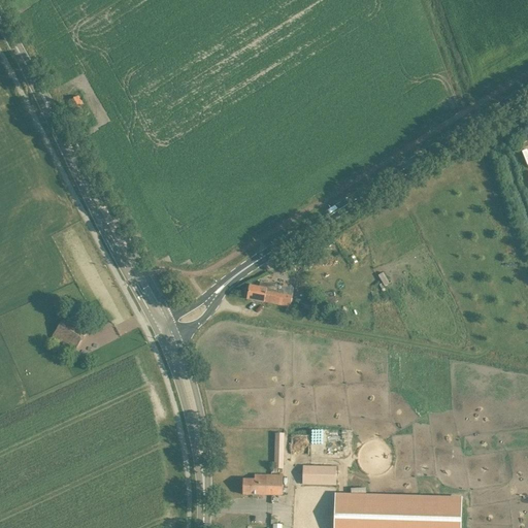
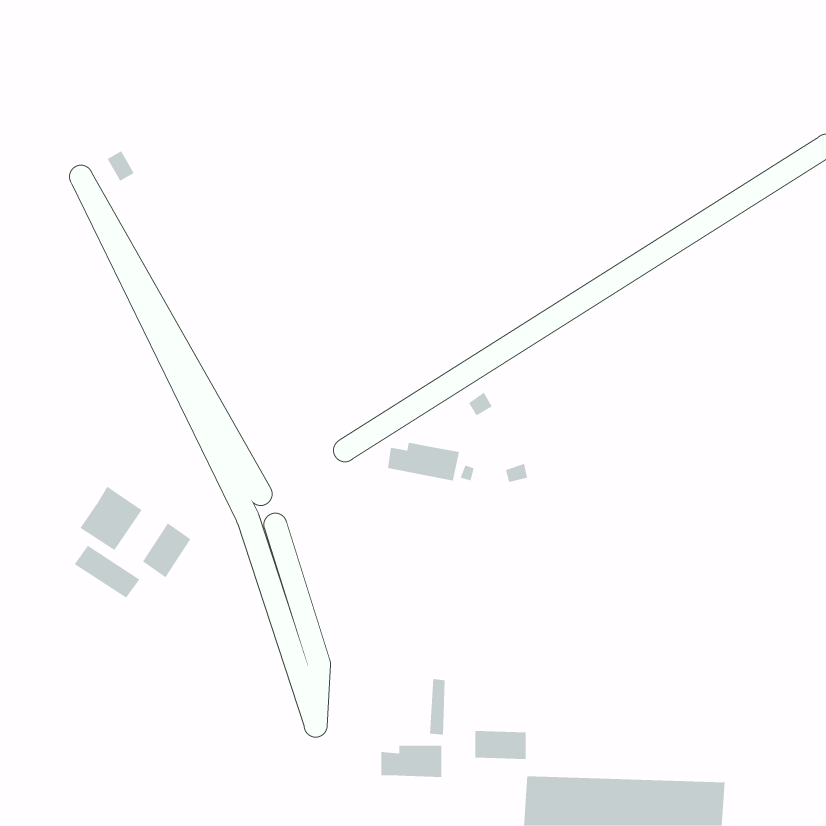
building: none -> [142,523,191,578]
building: none -> [74,545,140,599]

